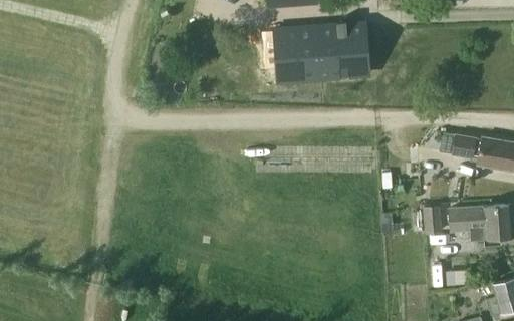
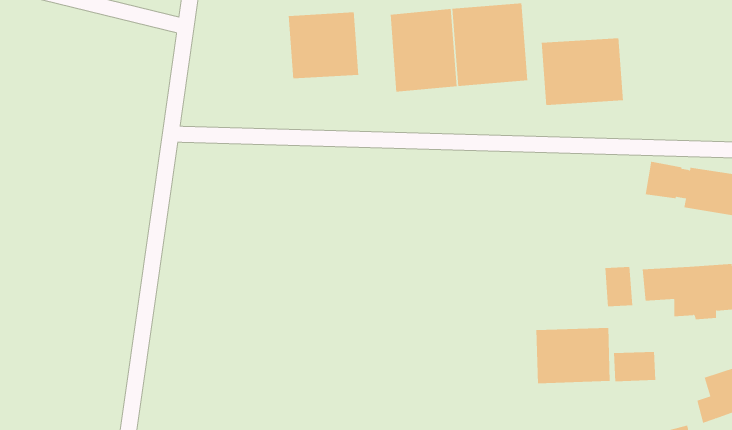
building: none -> [288,12,359,79]
building: none -> [541,37,624,106]
building: none -> [536,327,610,384]

